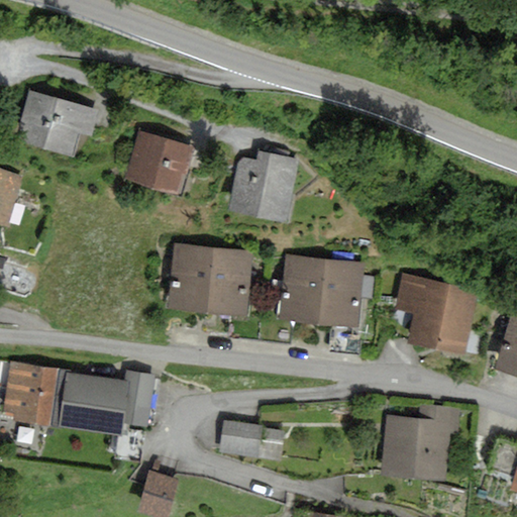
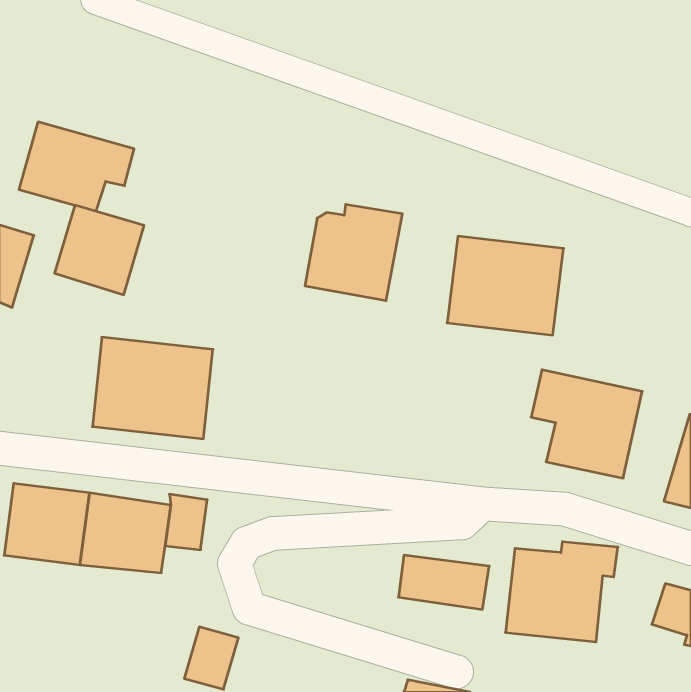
building: [125,132,192,199] -> [55,205,144,295]
building: [166,243,255,319] -> [92,337,213,439]
building: [278,256,365,330] -> [447,236,564,335]
building: [218,418,286,458] -> [398,555,489,609]

